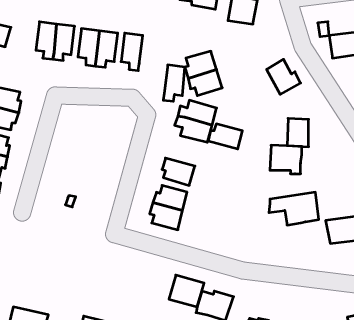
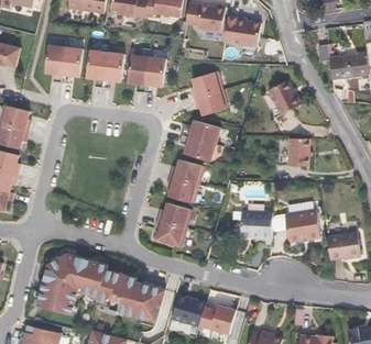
building: [163,65,185,101] -> [143,57,164,92]
building: [208,124,242,149] -> [170,159,203,184]
building: [270,145,302,174] -> [240,211,271,238]
building: none -> [39,251,166,318]

